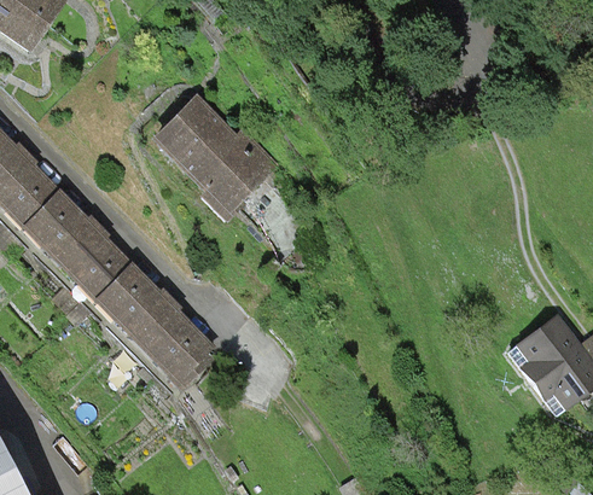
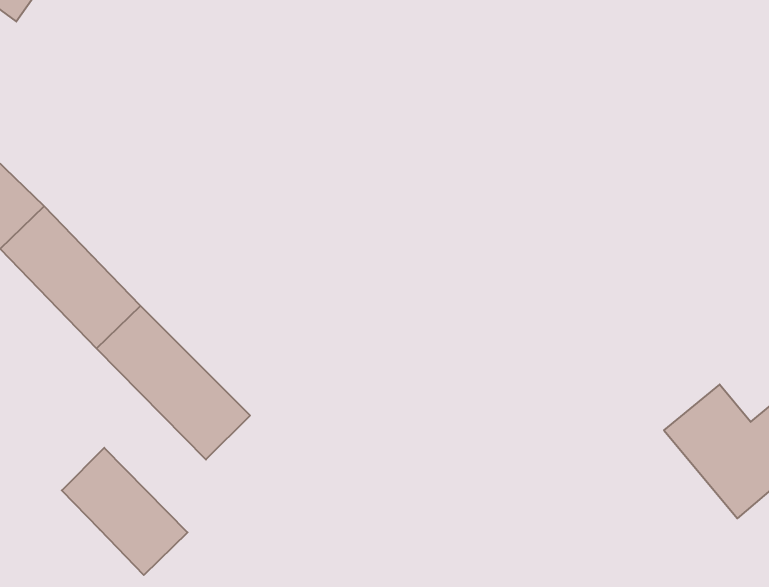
building: [151,92,271,211] -> none
building: none -> [62,448,188,575]

